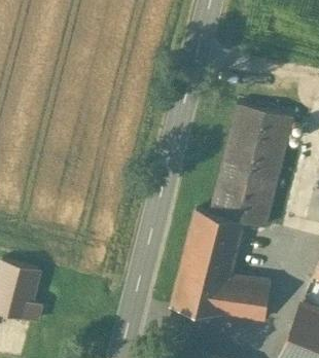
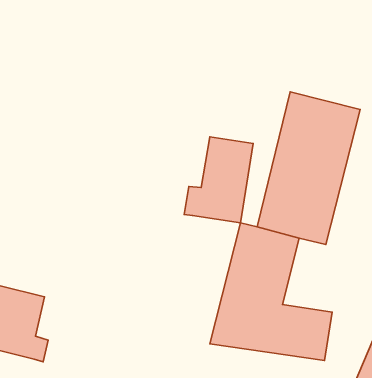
building: none -> [184,137,253,223]

